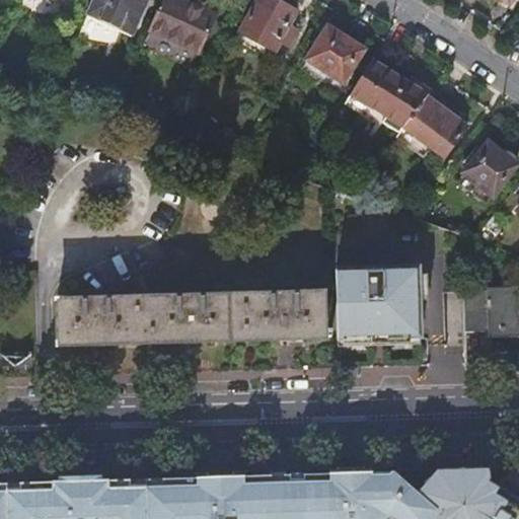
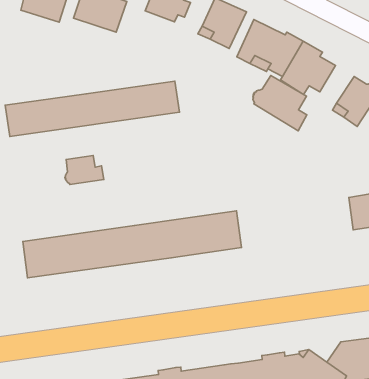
building: none -> [5,81,180,136]
building: none -> [253,75,307,131]
building: none -> [65,155,104,184]
building: [337,267,422,345] -> none

